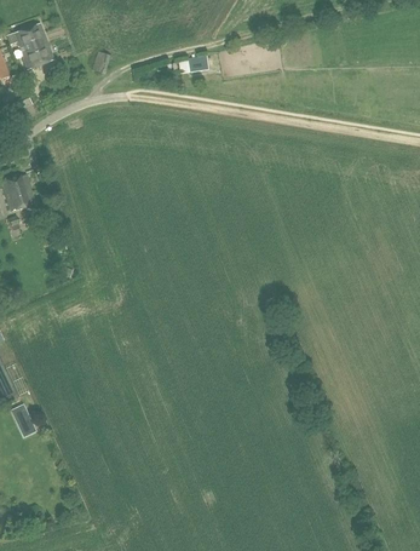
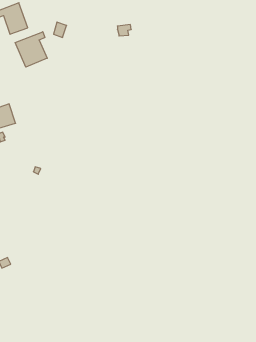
building: none -> [15,32,47,67]

